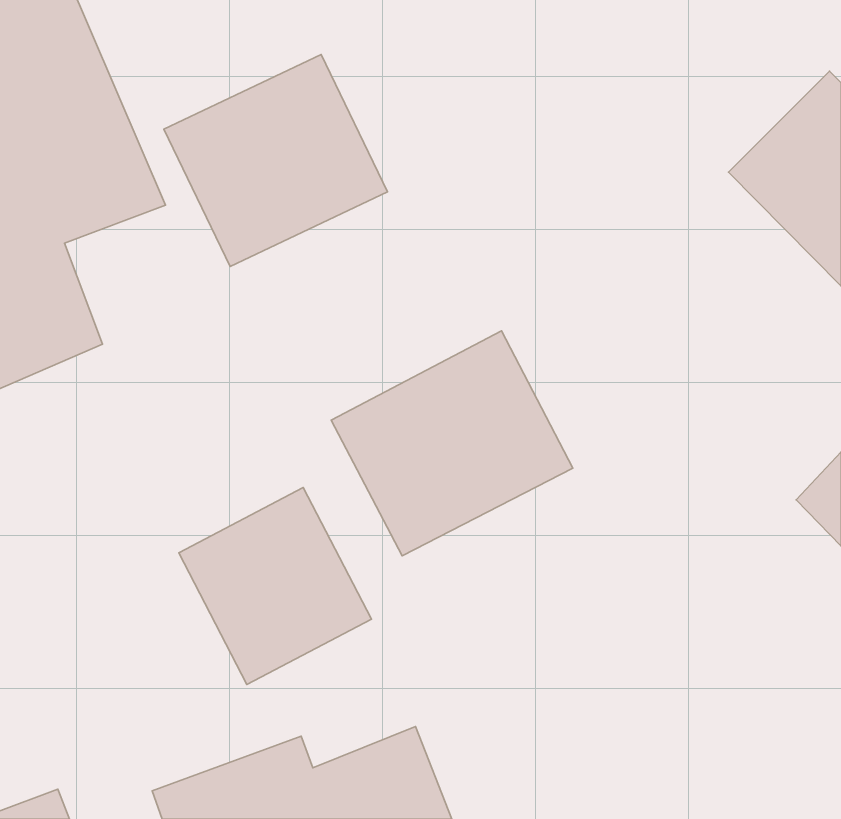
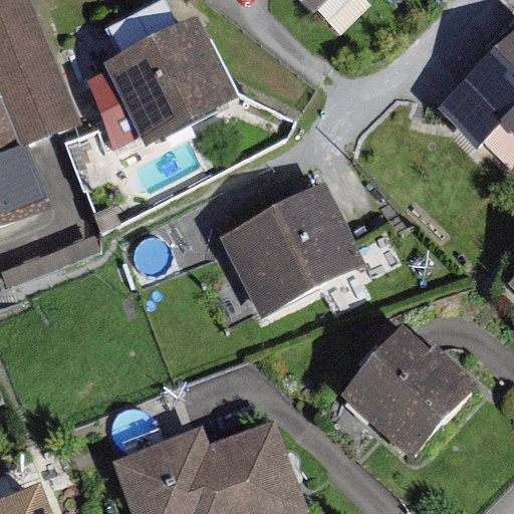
building: [179,488,371,685] -> none
building: none -> [321,348,459,484]

